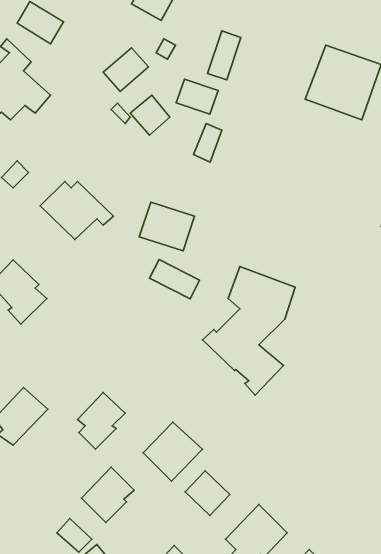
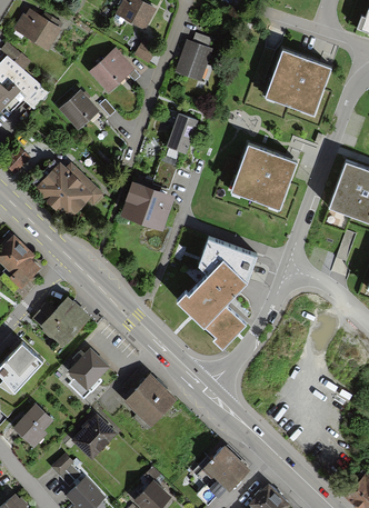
building: [176,79,218,114] -> none
building: [130,95,170,135] -> [59,93,93,128]
building: none -> [230,143,297,209]
building: [150,260,200,299] -> none
building: none -> [31,296,91,349]
building: none -> [12,404,52,446]
building: [185,471,230,515] -> none

